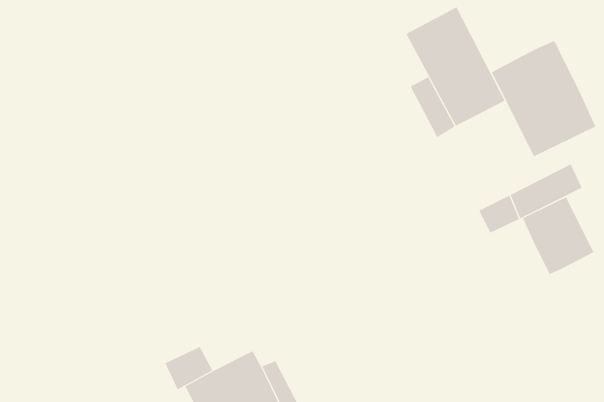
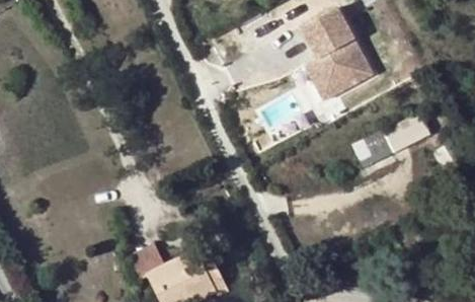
building: [491,40,596,157] -> none
building: [522,197,594,275] -> none

